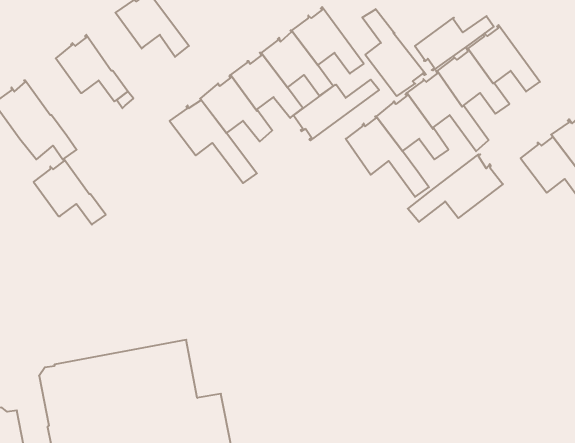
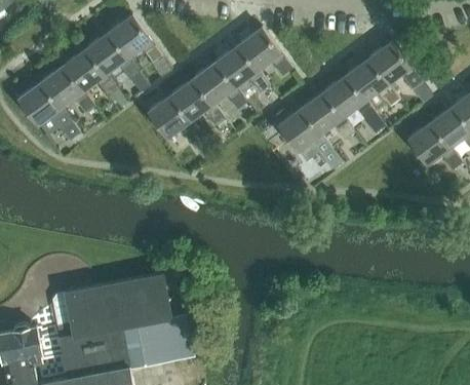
building: [362,9,426,96] -> none
building: none -> [87,31,141,80]
building: [415,16,494,70] -> none
building: [293,80,379,140] -> none
building: [408,154,503,222] -> none
building: [34,159,106,225] -> [42,65,95,113]

